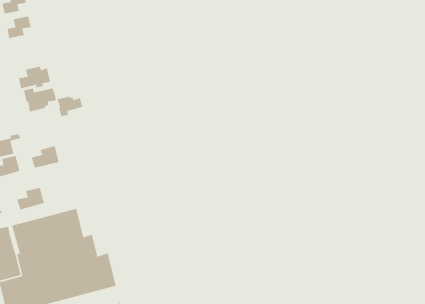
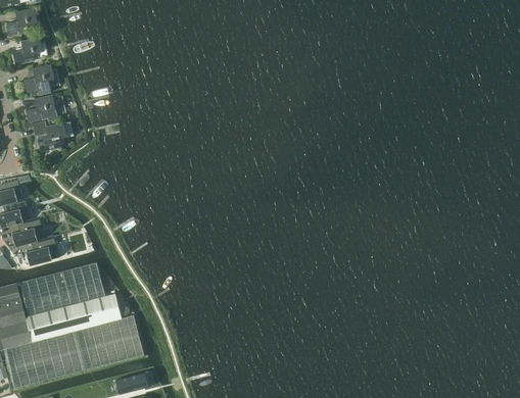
building: none -> [23,62,55,94]
building: [57,96,83,117] -> none
building: [31,145,59,169] -> [10,218,44,246]

